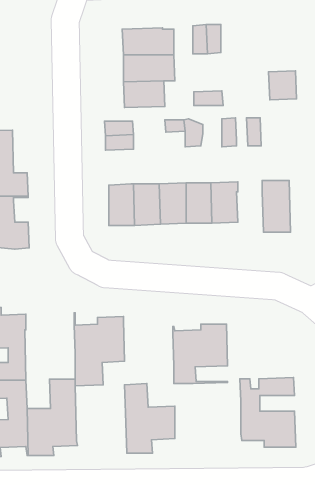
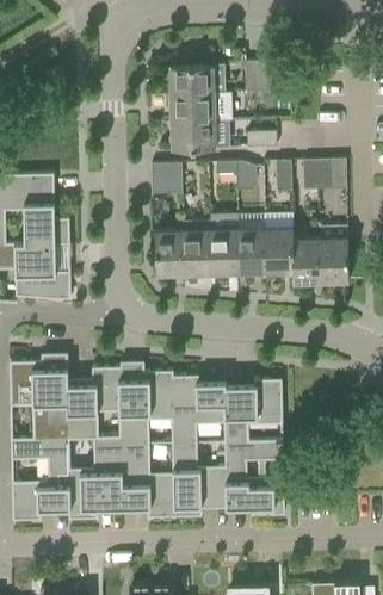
building: [269,71,297,100] -> [317,160,347,191]
building: none -> [292,240,321,284]
building: none -> [67,368,121,440]
building: none -> [172,377,226,445]
building: [240,378,296,447] -> [226,442,285,516]
building: none -> [121,445,175,519]

